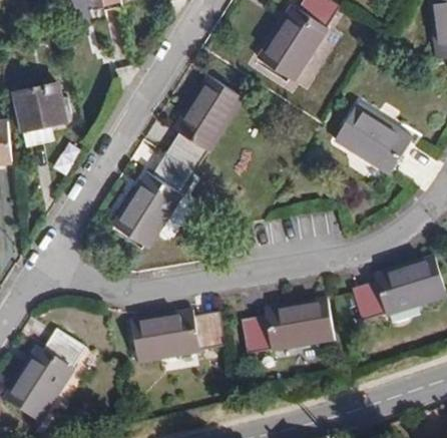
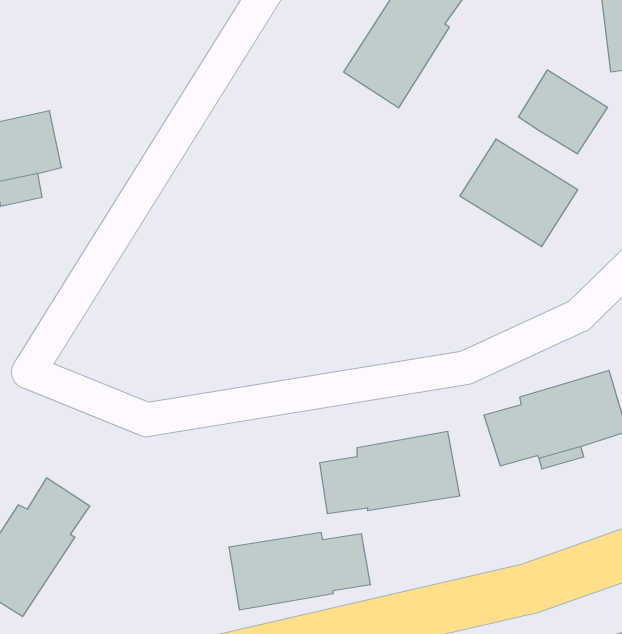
building: none -> [519,70,607,154]
building: [111,74,244,248] -> none
building: [131,312,227,364] -> [229,532,371,610]

